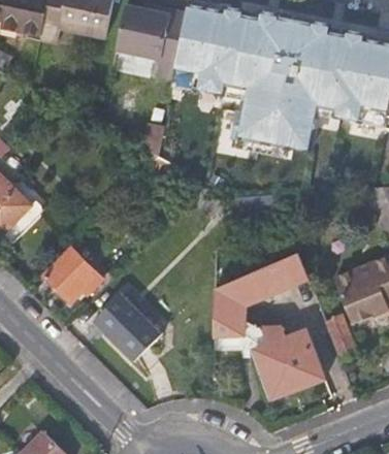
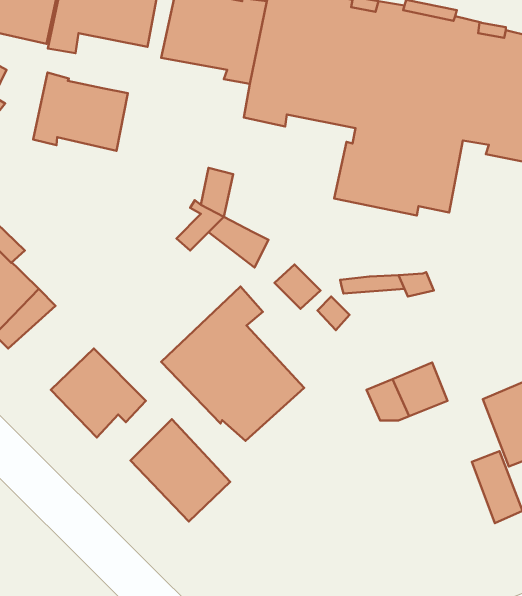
building: none -> [33,72,128,151]
building: none -> [161,287,304,441]
building: [215,277,324,399] -> none

